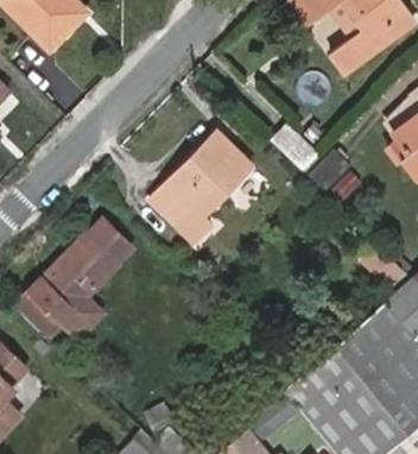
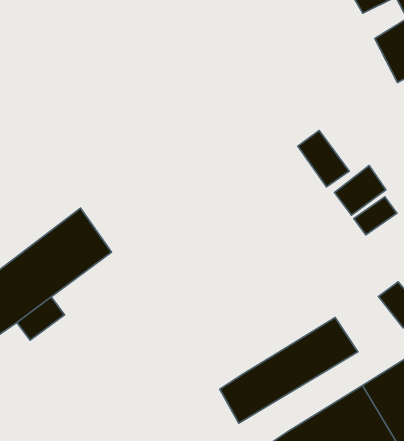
building: [150,133,251,242] -> none
building: none -> [220,317,358,423]

